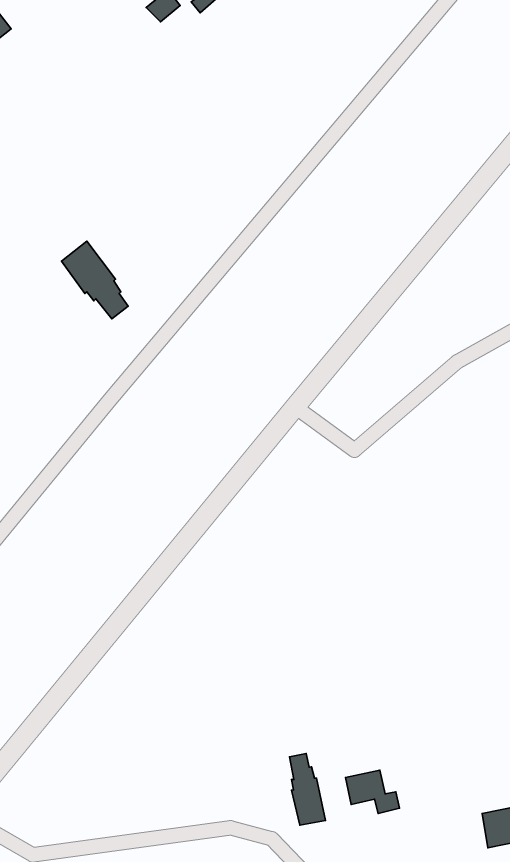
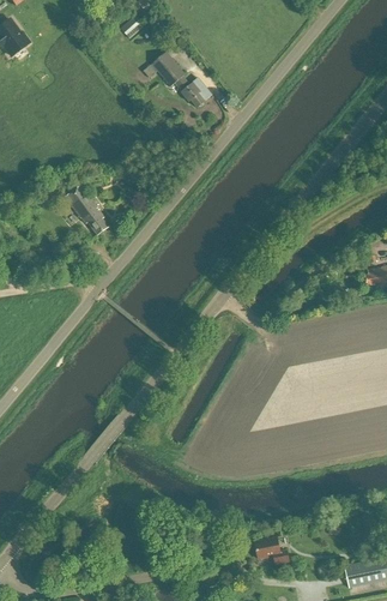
building: none -> [144,50,205,106]
building: [290,753,325,825] -> none

